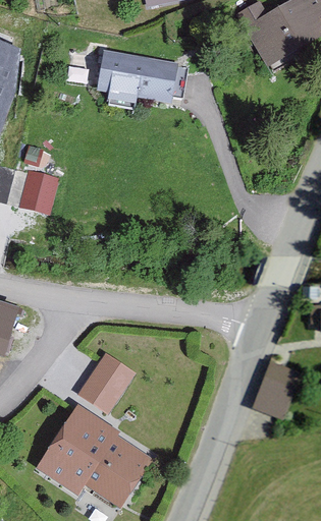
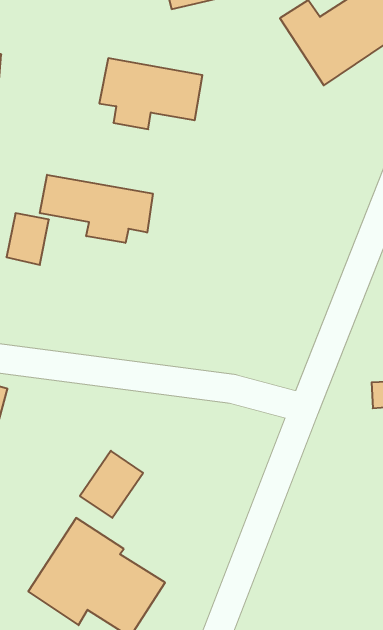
building: none -> [40,175,153,243]
building: [255,361,297,417] -> none

